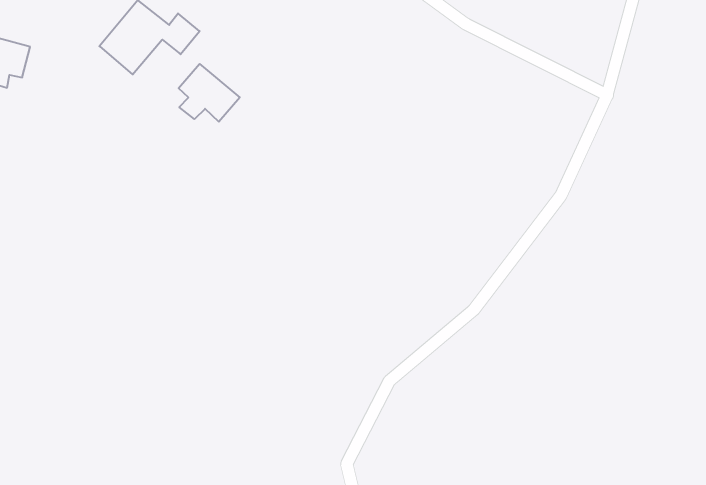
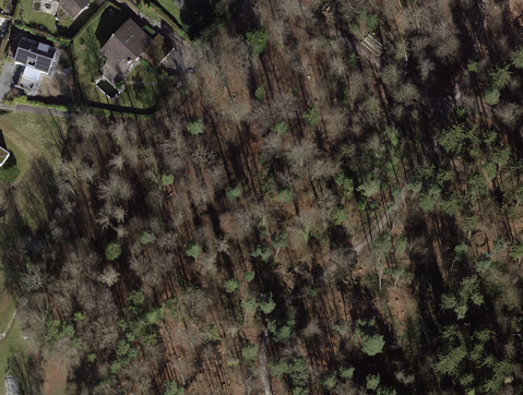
building: [179,64,240,122] -> none

